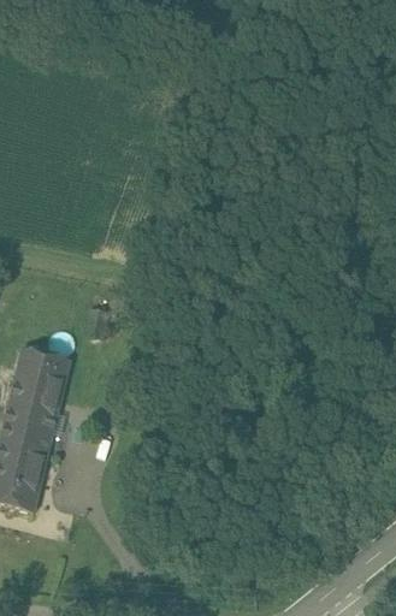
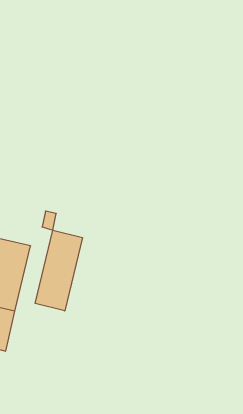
building: none -> [35,230,82,311]

